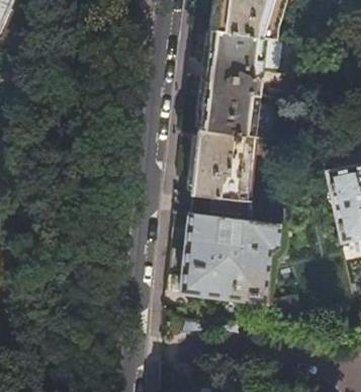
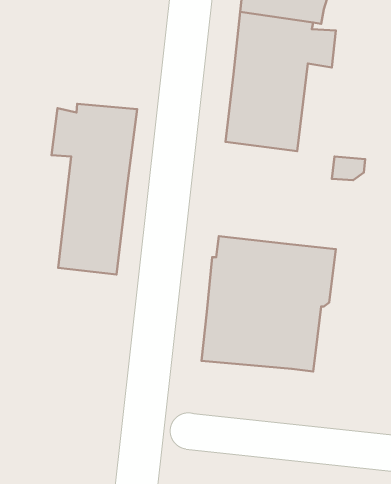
building: none -> [51,104,137,274]
building: [192,128,255,206] -> none

